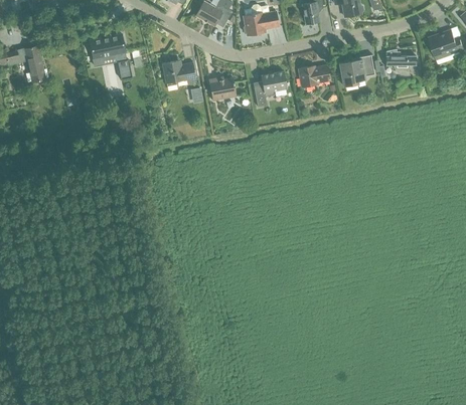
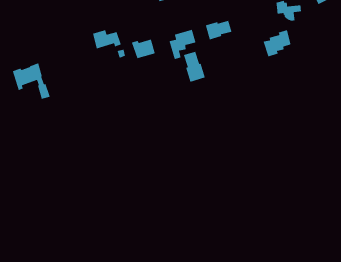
building: [89,33,132,78] -> [12,62,51,100]
building: [339,54,373,85] -> [263,29,292,58]
building: none -> [183,51,206,83]

